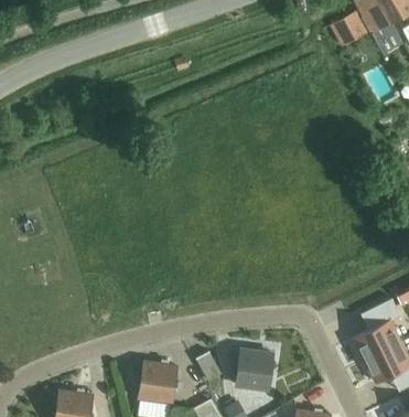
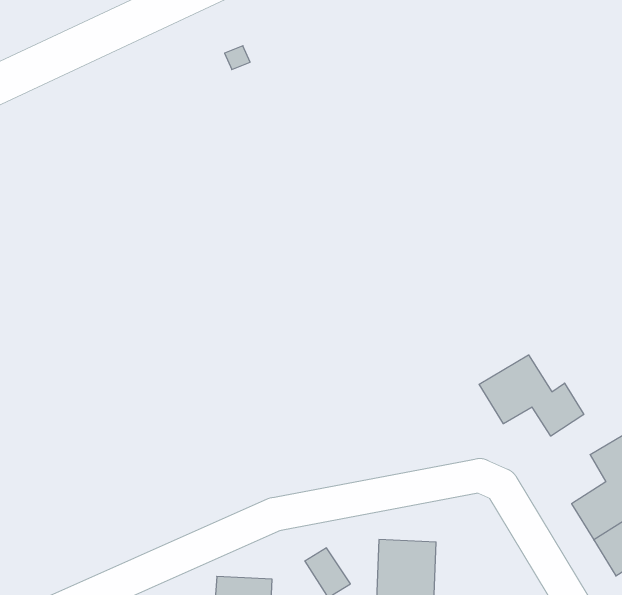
building: none -> [479,355,584,436]

